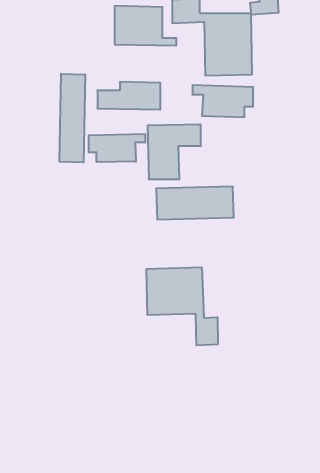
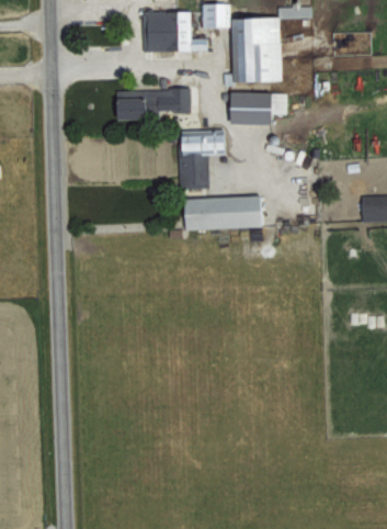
building: [60,74,85,162] -> none
building: [89,134,145,162] -> none
building: [147,267,218,345] -> none

